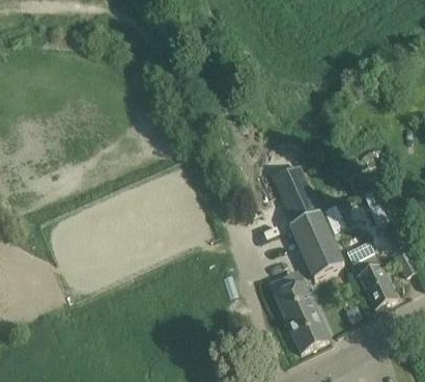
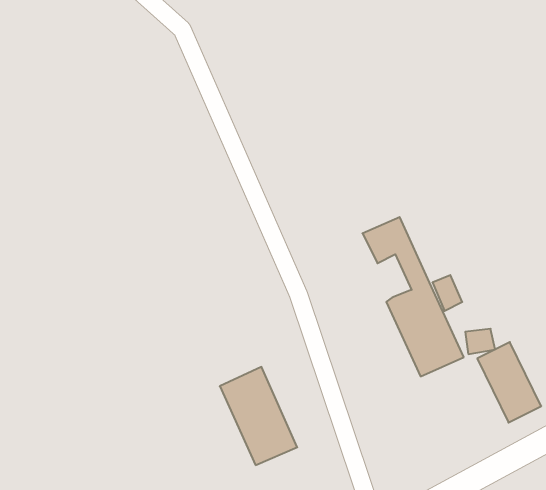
building: [274,280,328,349] -> [220,367,297,465]

